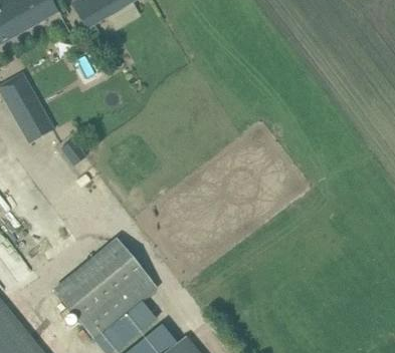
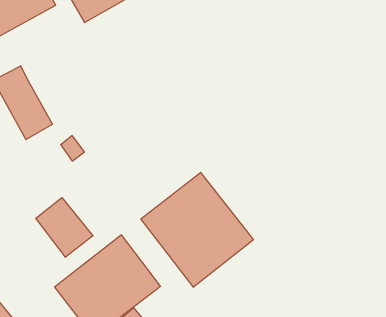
building: none -> [141,172,253,287]
building: none -> [36,198,93,257]

